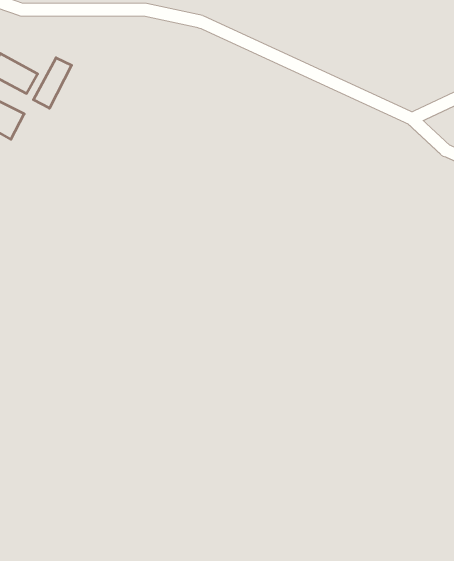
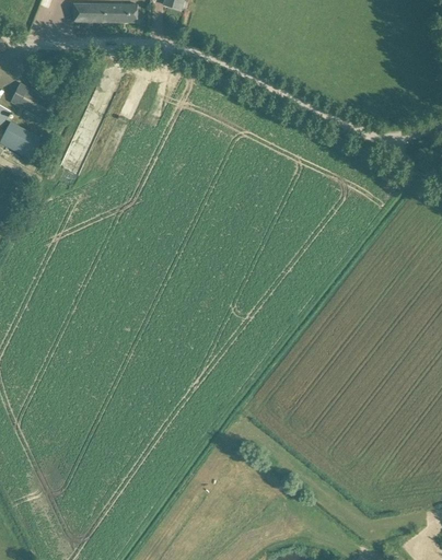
building: [33,58,72,108] -> none

